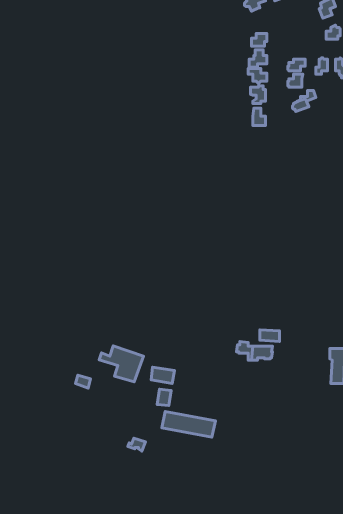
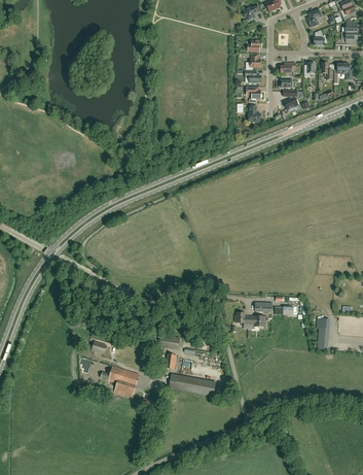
building: [99,346,144,382] -> [101,365,140,397]

